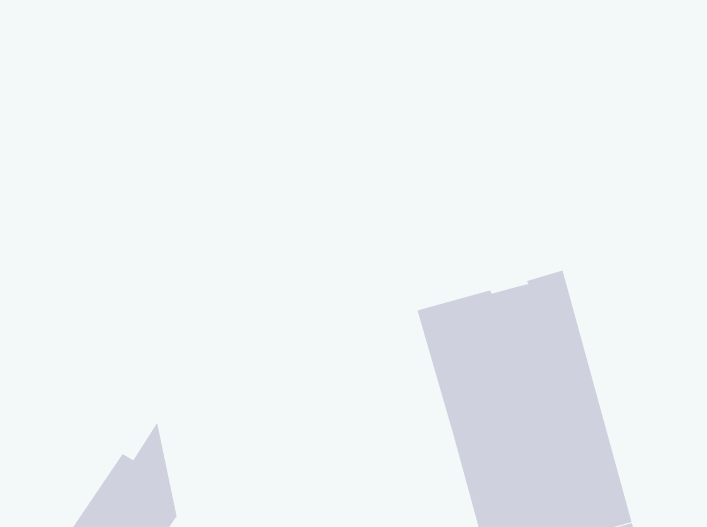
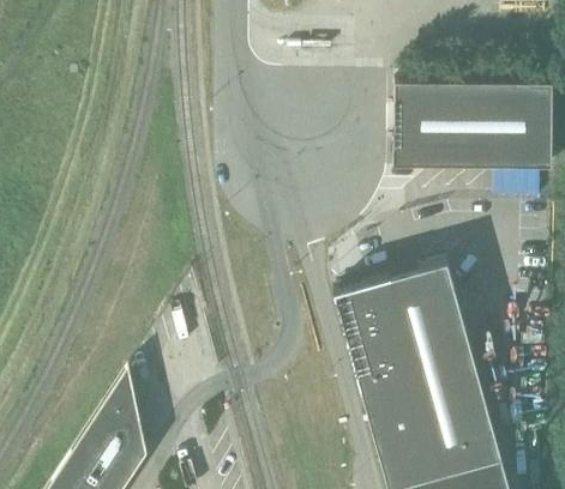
building: none -> [392,81,551,167]

